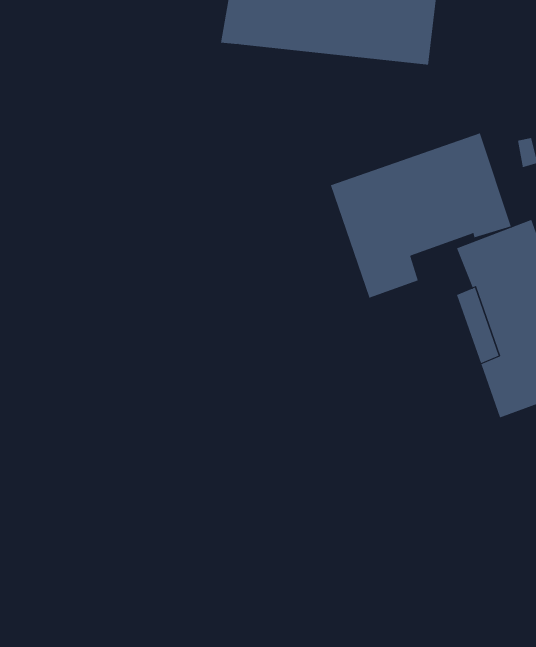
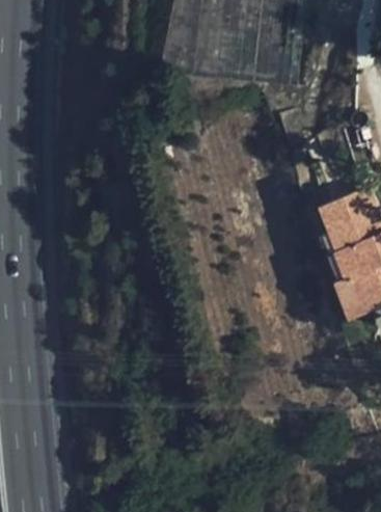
building: [330,133,512,298] -> none

